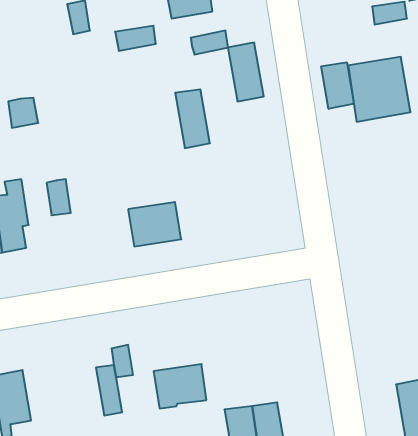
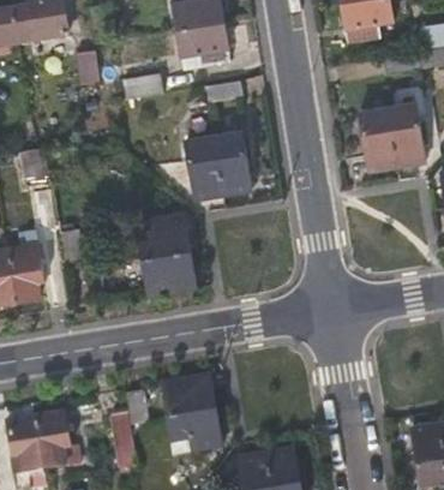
building: [228,43,264,101] -> [214,132,250,191]
building: [321,62,354,109] -> none
building: none -> [136,214,188,257]
building: none -> [161,376,215,419]
building: none -> [36,414,79,468]

